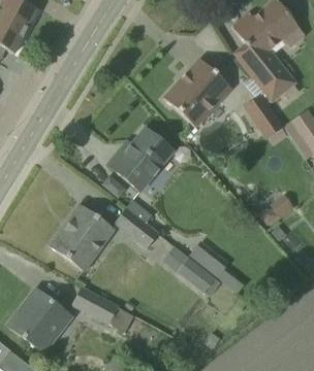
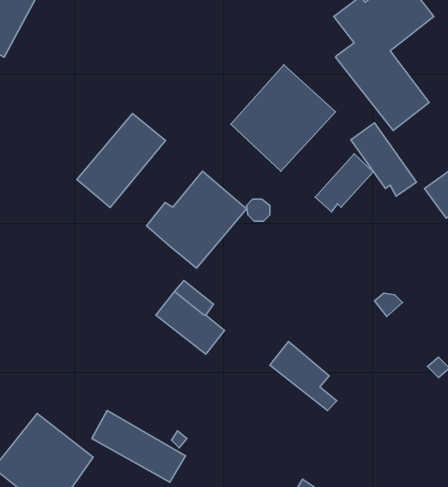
building: none -> [77,114,166,208]
building: none -> [315,154,373,212]
building: [50,203,116,271] -> none
building: [163,246,215,293] -> none

